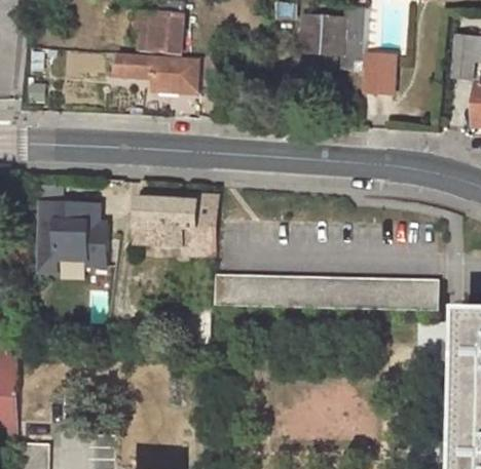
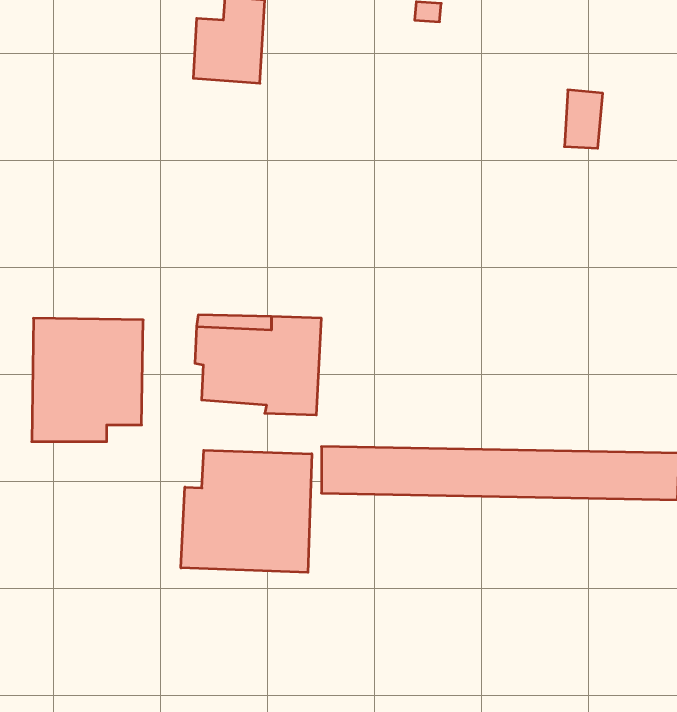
building: [300,7,361,68] -> none
building: [117,54,205,92] -> none
building: none -> [181,450,312,572]

